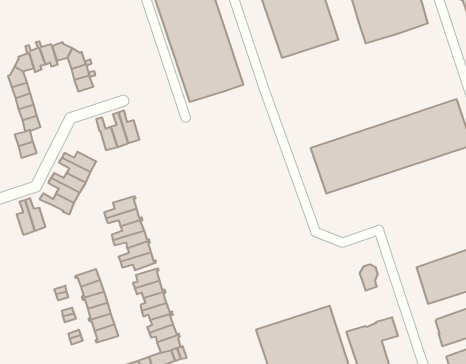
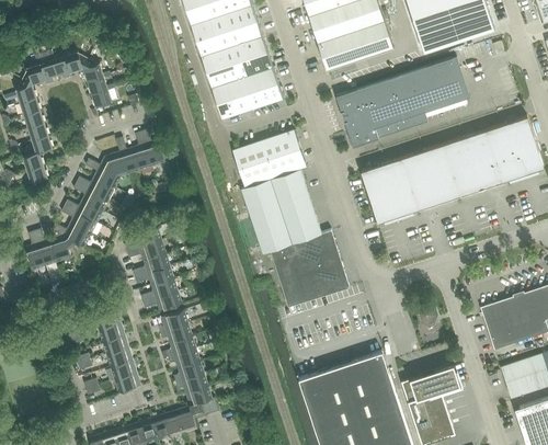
building: none -> [336,58,466,148]
building: none -> [232,130,350,308]
building: none -> [85,152,127,187]
building: none -> [52,230,79,262]

